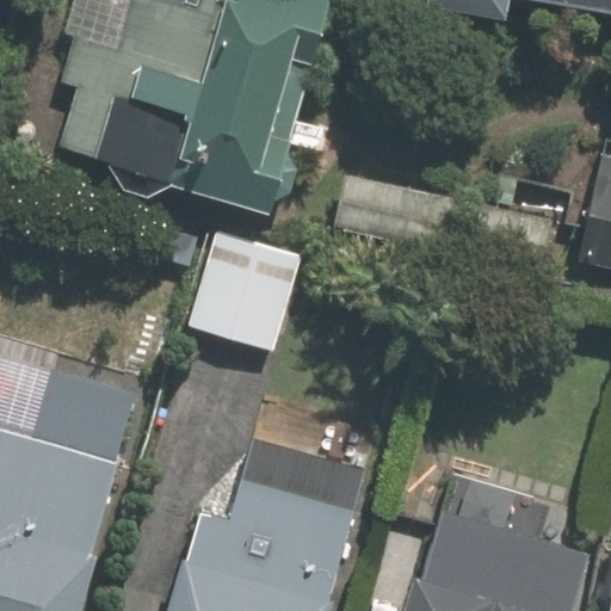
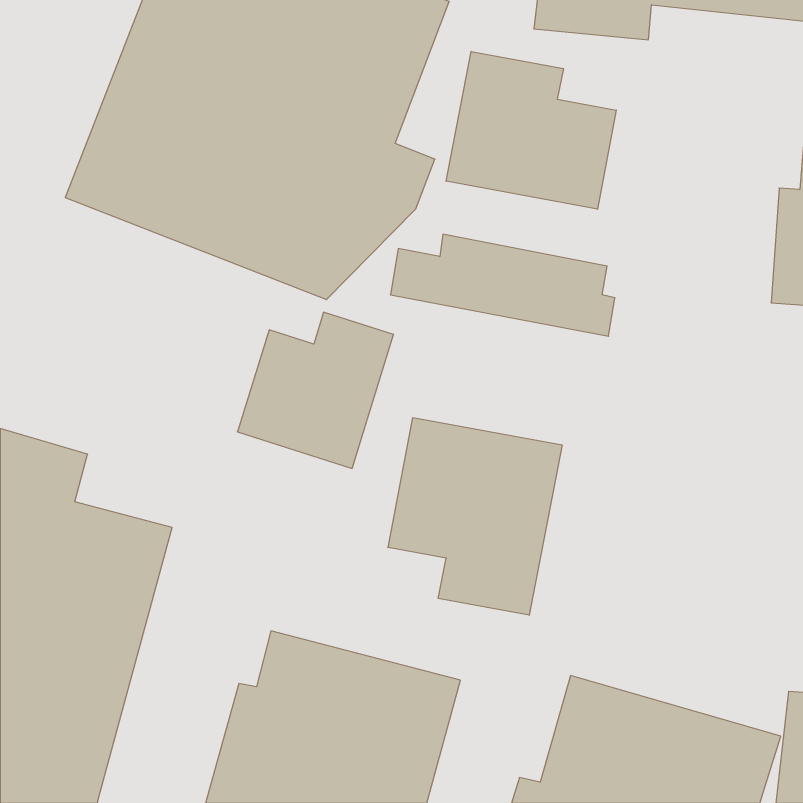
building: none -> [446,51,616,209]
building: none -> [388,418,562,615]

